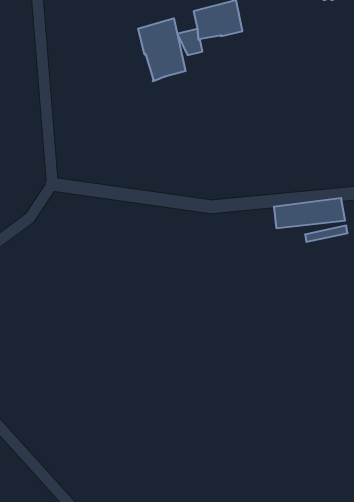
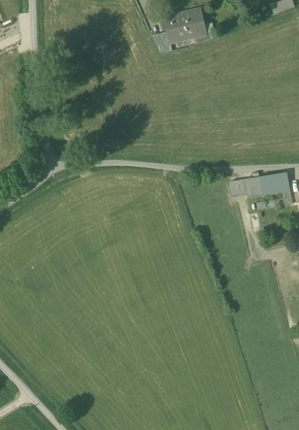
building: [138,18,186,81] -> none

